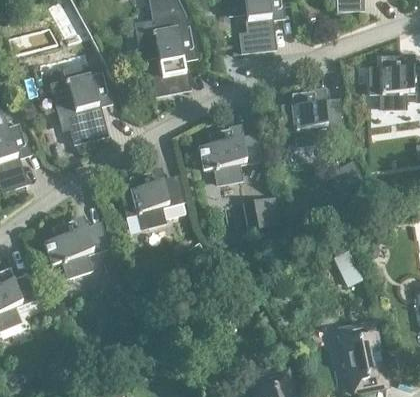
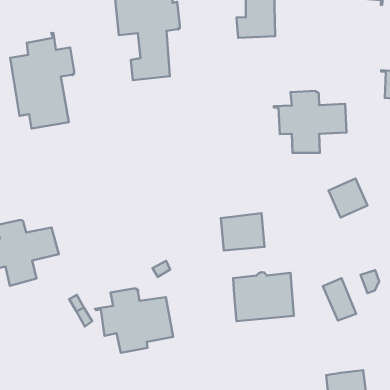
building: [196,129,260,184] -> none
building: [117,173,185,228] -> [95,288,173,353]
building: none -> [233,272,294,321]

